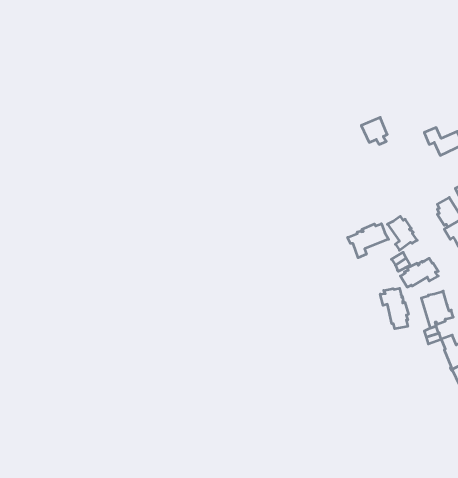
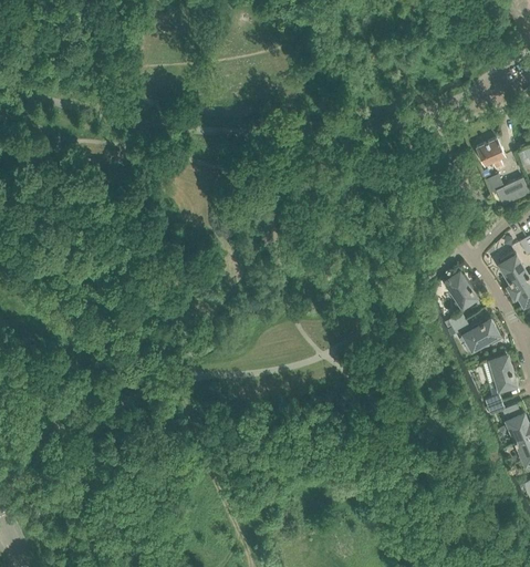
building: [361,117,387,144] -> [475,138,503,168]
building: [348,224,389,258] -> none
building: [380,288,408,329] -> none

